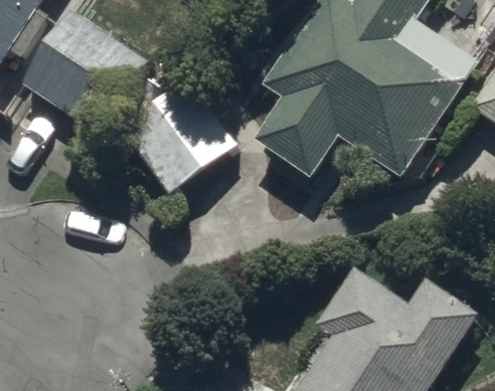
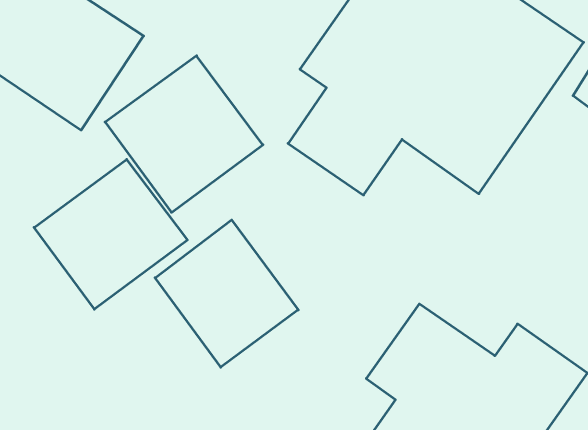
building: none -> [34,159,187,309]
building: none -> [155,220,298,367]

